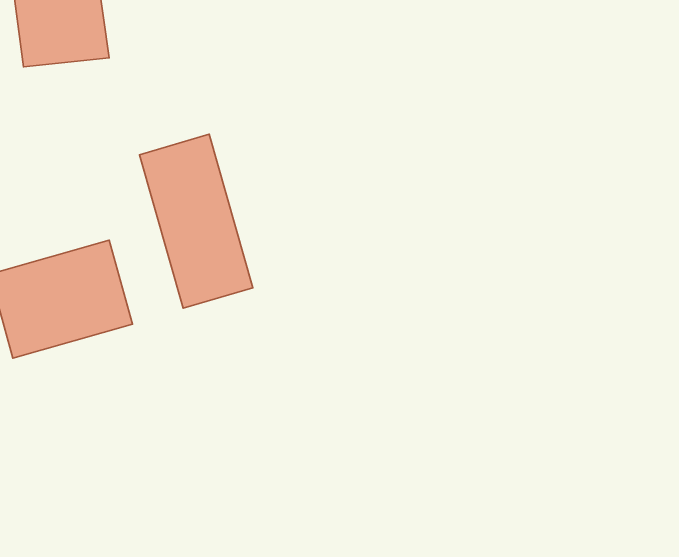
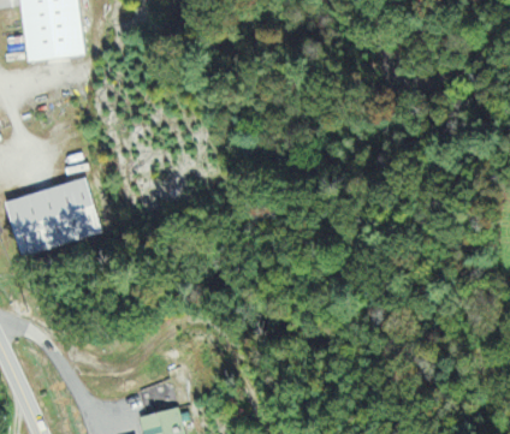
building: [140,134,253,308] -> none

